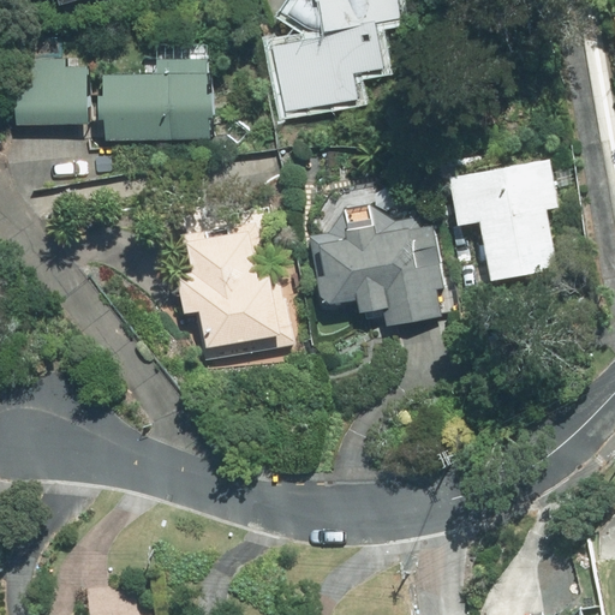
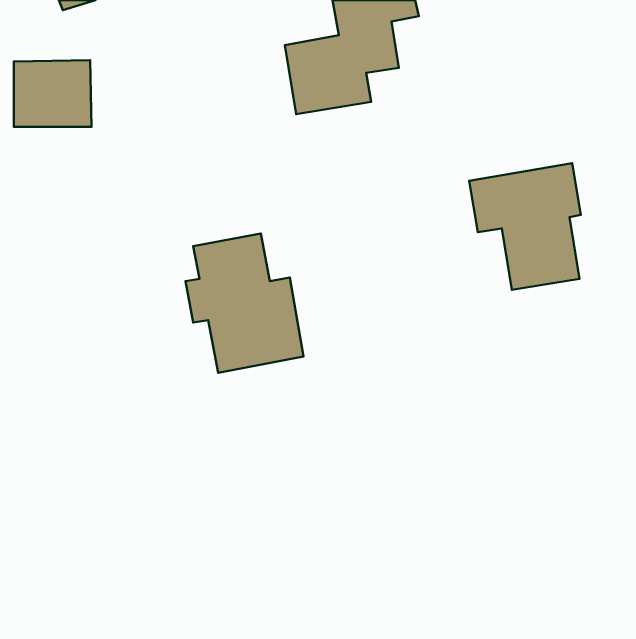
building: [103,58,210,138] -> none
building: [312,202,442,323] -> none

